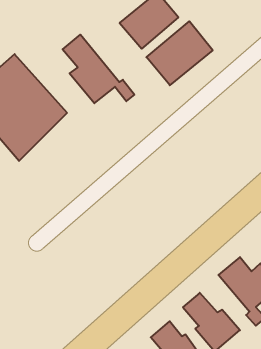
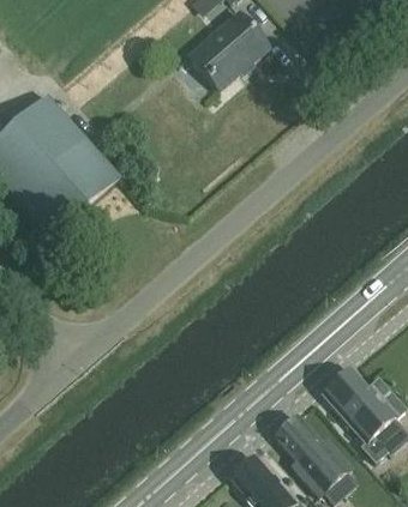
building: [146,21,213,85] -> none
building: [63,35,134,103] -> none

